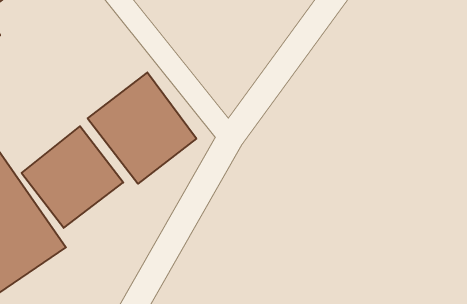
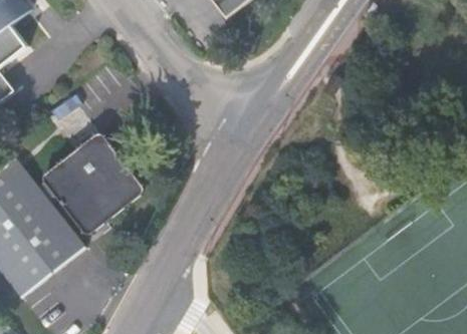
building: [88,72,196,184] -> none

